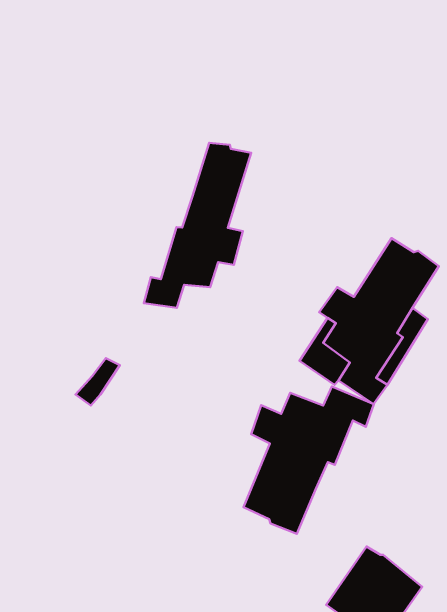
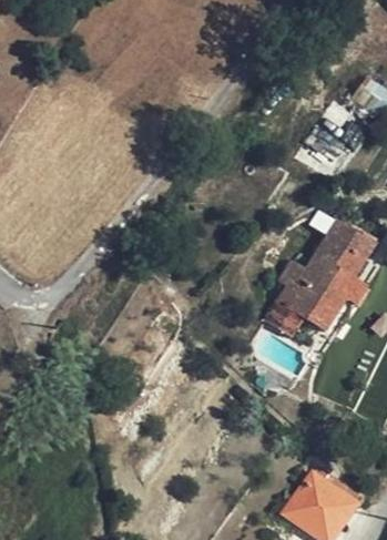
building: [144,143,251,308] -> none
building: [243,386,374,534] -> none

